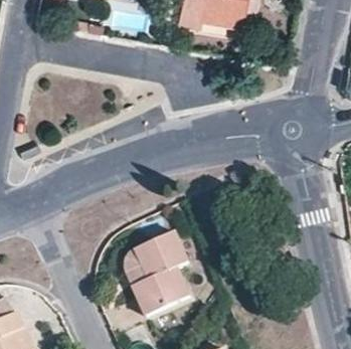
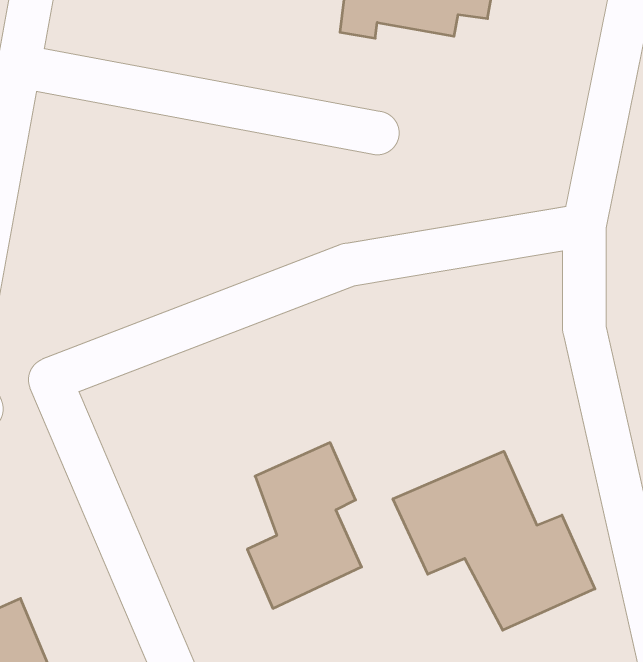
building: none -> [393,451,595,630]

